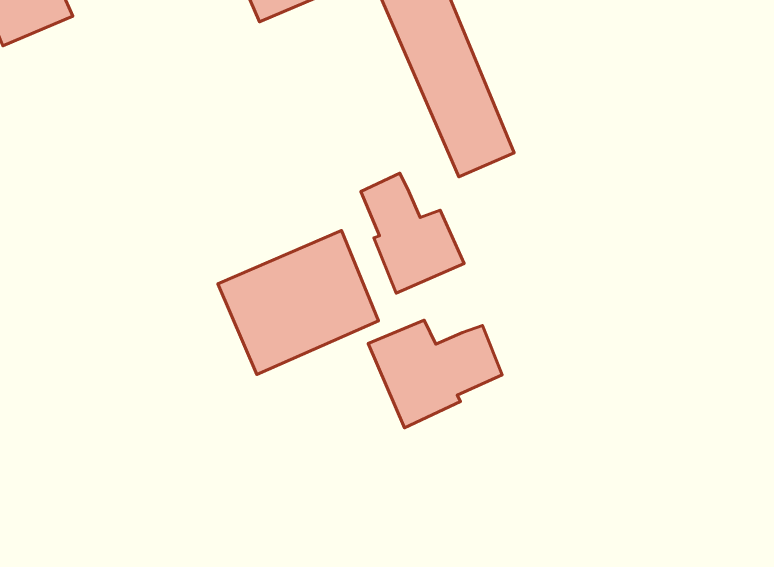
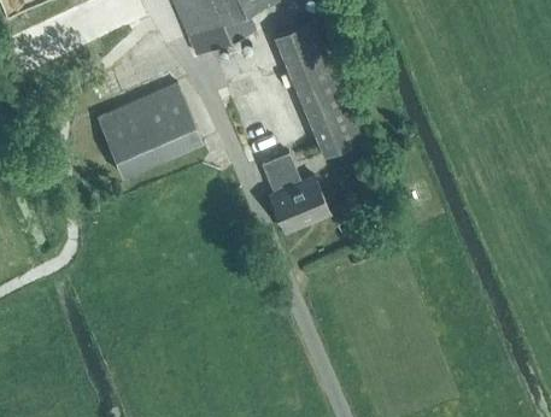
building: [218,230,379,374] -> [96,83,201,177]
building: [368,320,502,428] -> none

